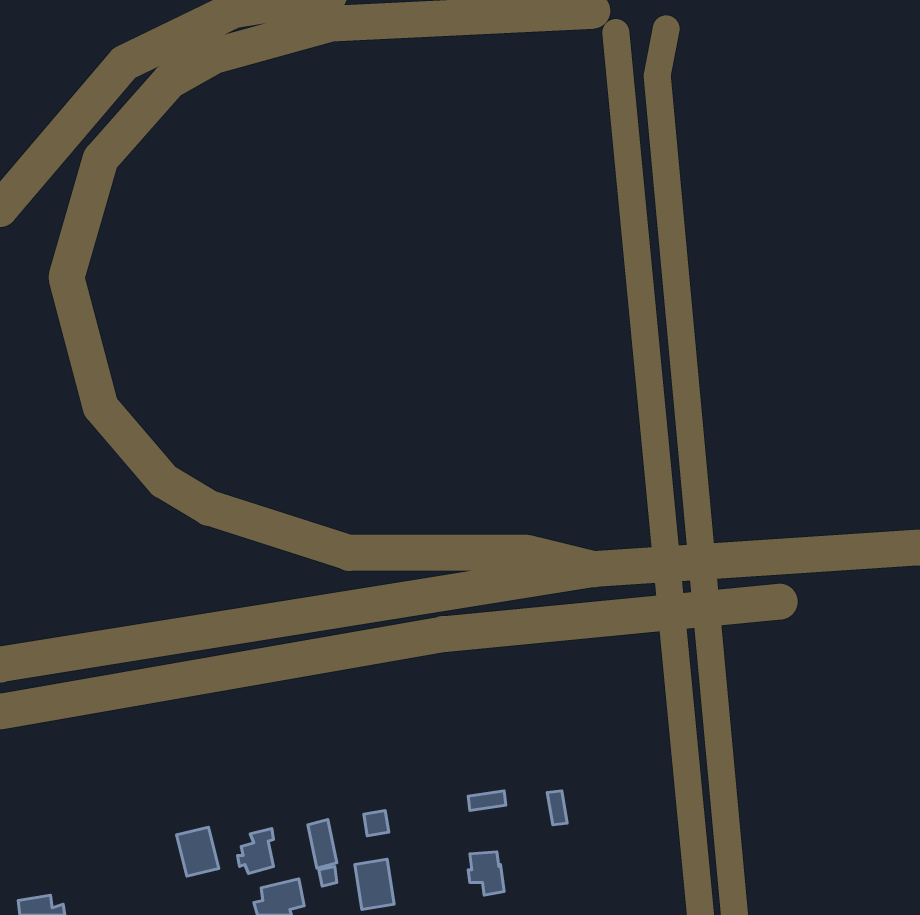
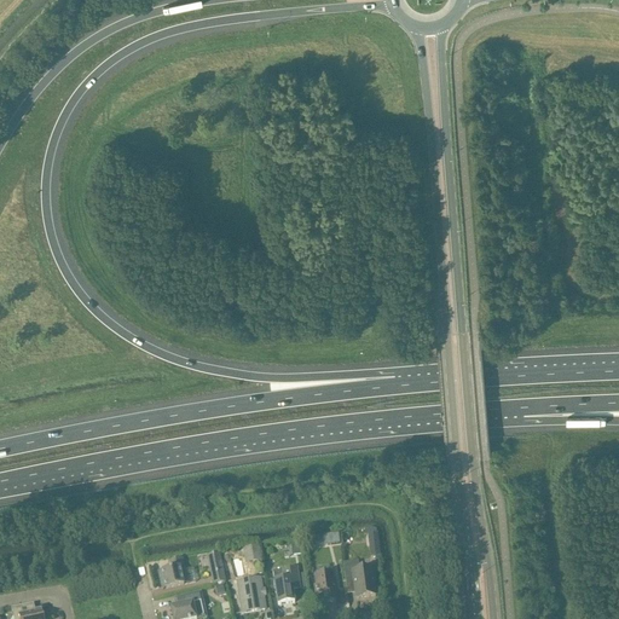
building: [176,827,219,876] -> none
building: none -> [343,560,376,596]
building: none -> [273,566,300,602]

